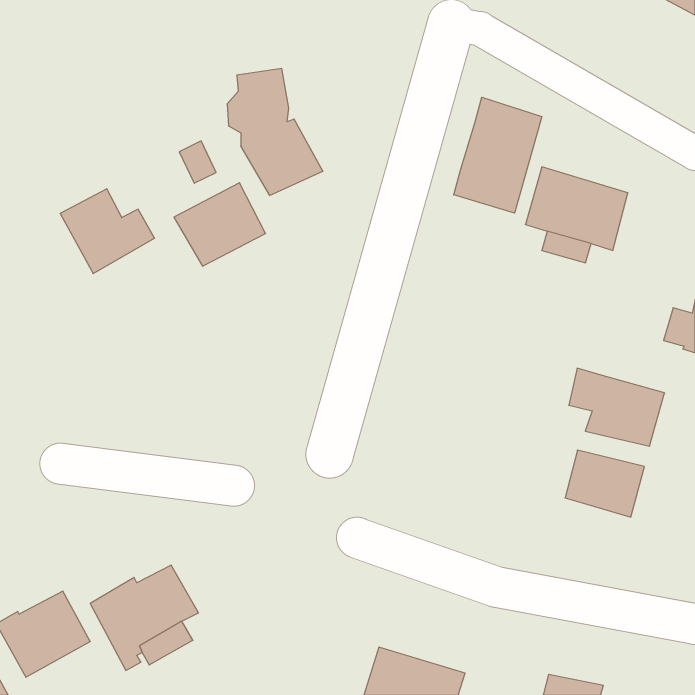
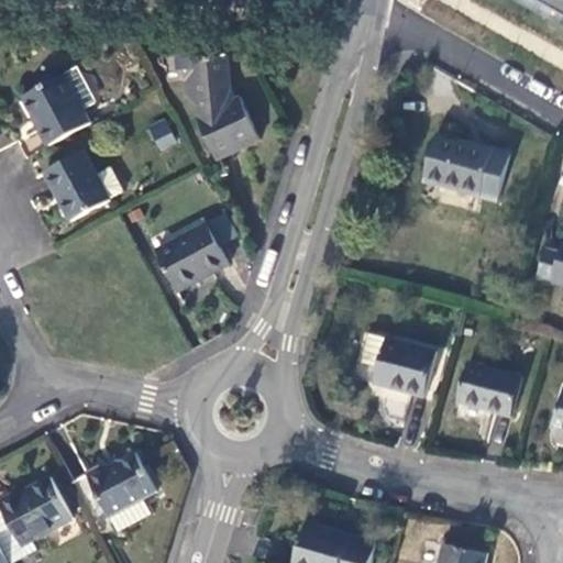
building: none -> [24,75,90,145]
building: [454,97,542,213] -> none
building: [174,183,266,266] -> [156,223,230,290]
building: [569,368,665,446] -> [357,331,434,394]

